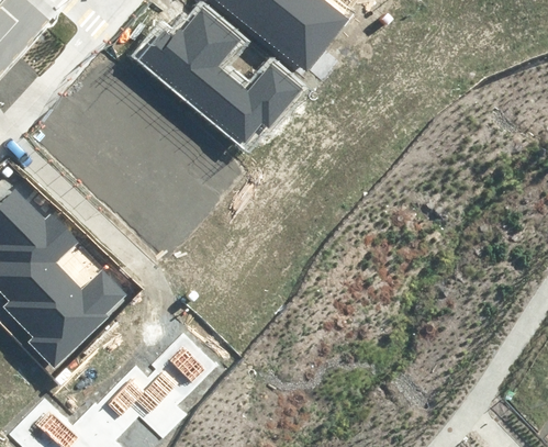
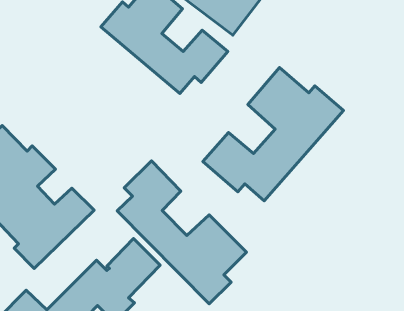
building: none -> [203,68,343,201]
building: none -> [117,161,247,304]

